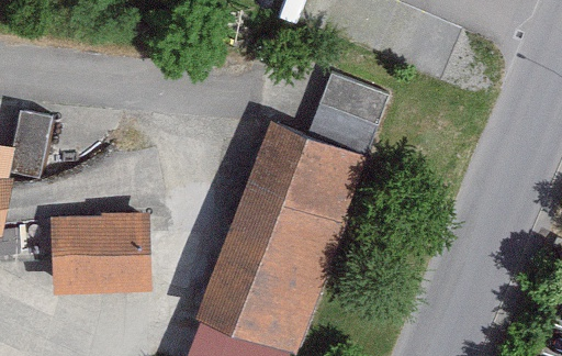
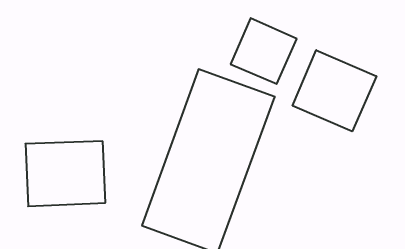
building: none -> [293,50,376,131]

